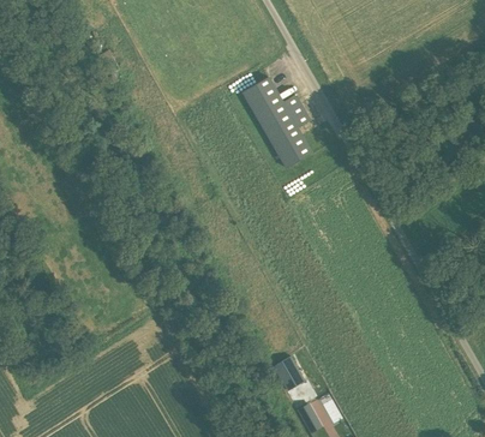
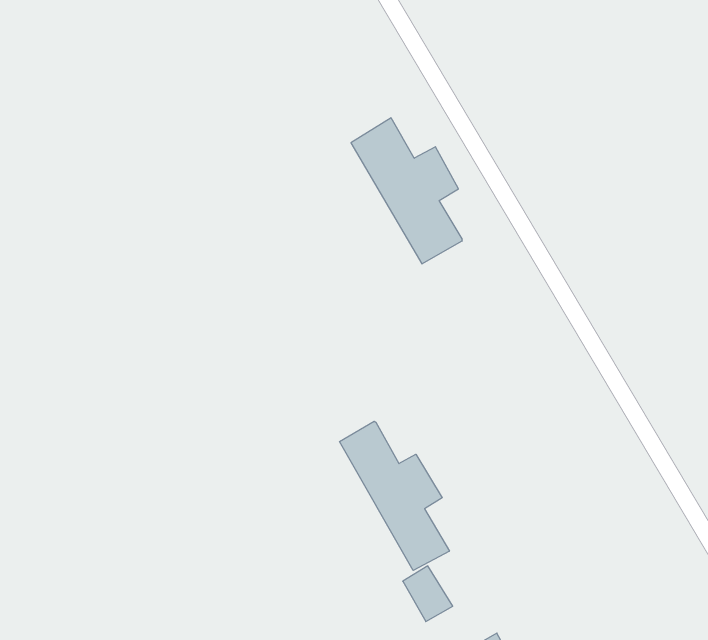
building: none -> [340,421,449,570]

